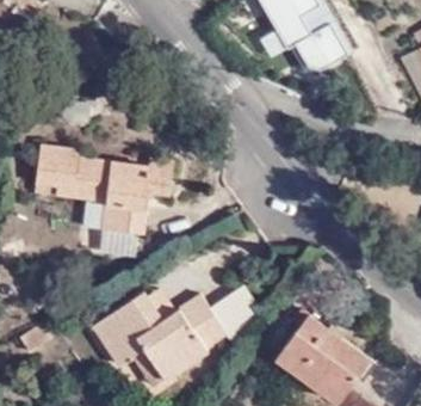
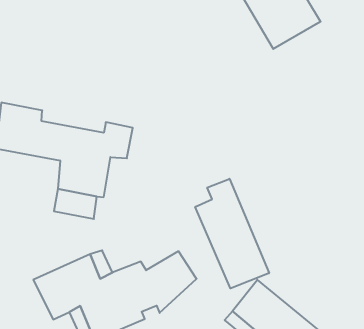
building: none -> [195,179,269,288]

